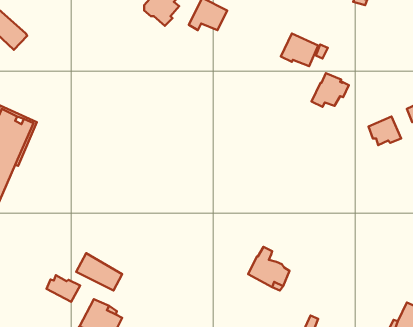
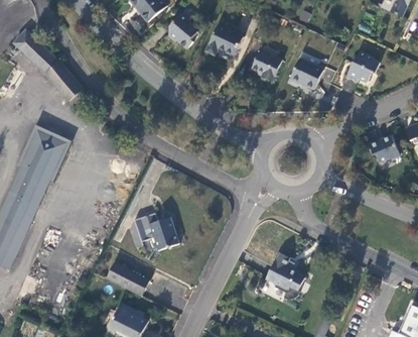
building: none -> [255,48,286,81]
building: none -> [47,60,83,100]
building: [312,73,349,107] -> [351,50,385,82]
building: none -> [132,213,180,250]
building: [46,275,80,302] -> none

